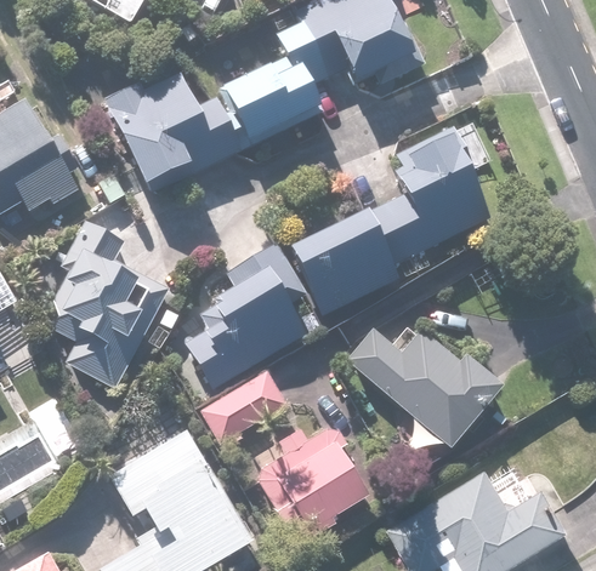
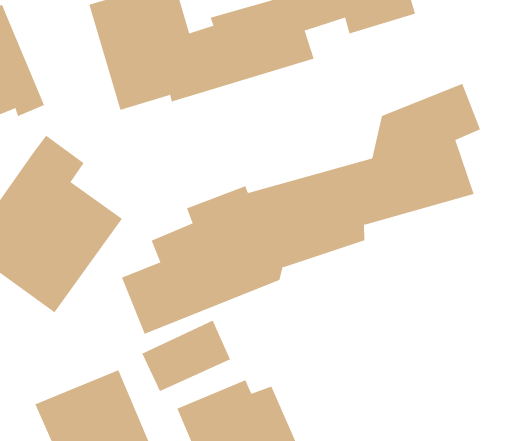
building: [344,329,501,451] -> none

